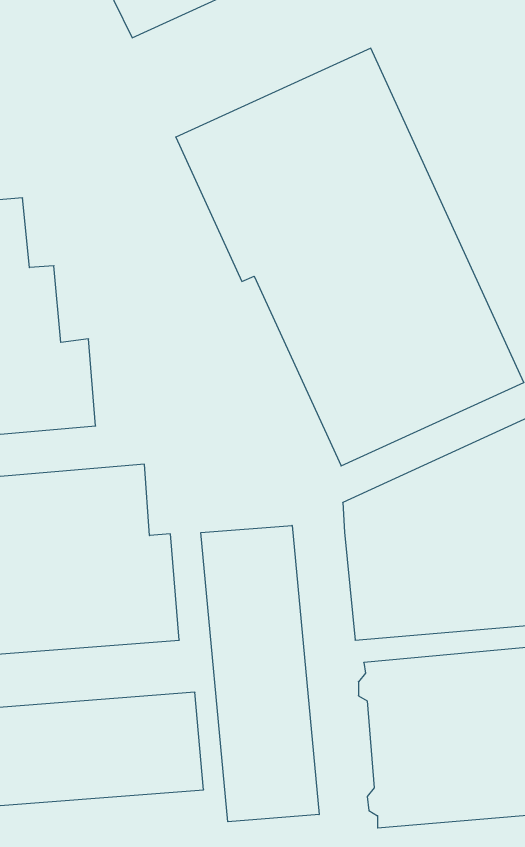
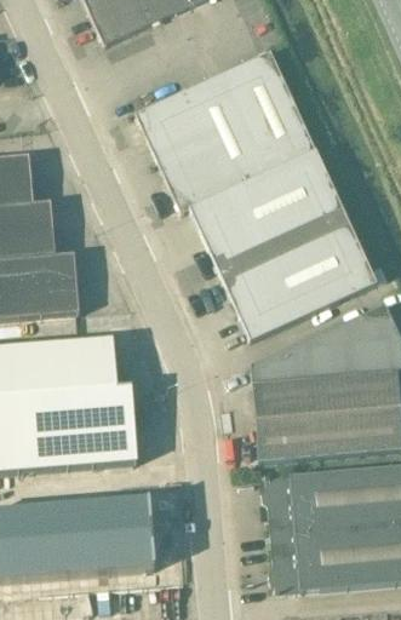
building: [201,525,319,822] -> none

